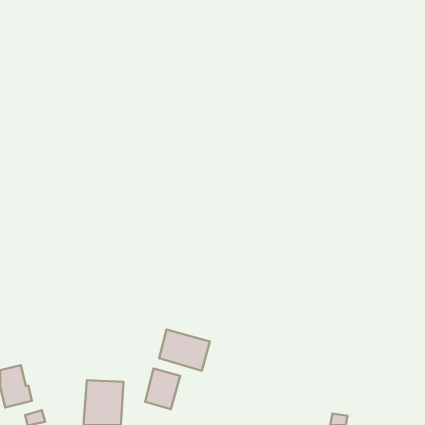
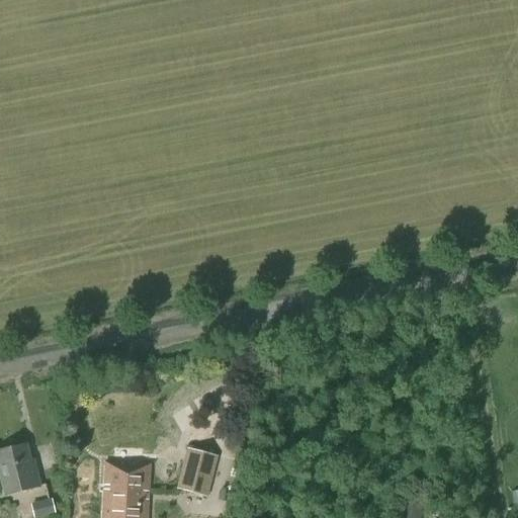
building: [159,329,210,371] -> none

